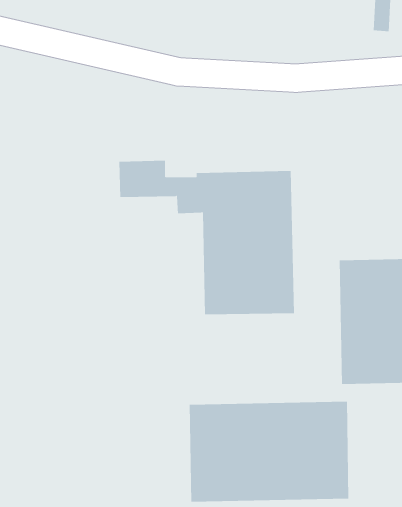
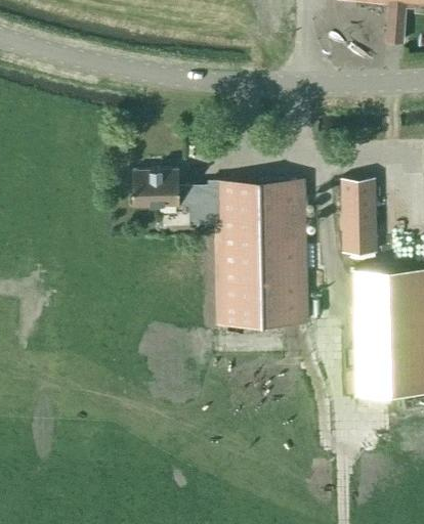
building: none -> [340,180,376,255]
building: [189,401,349,503] -> none

